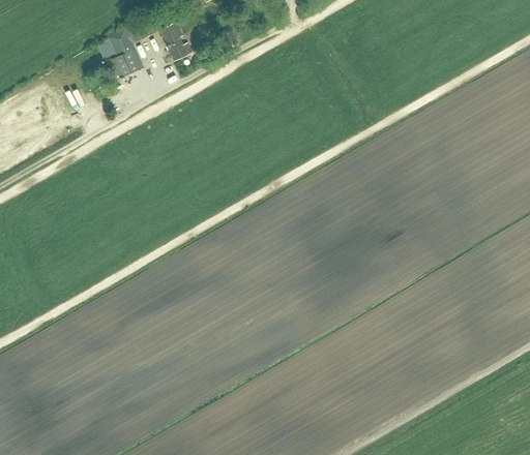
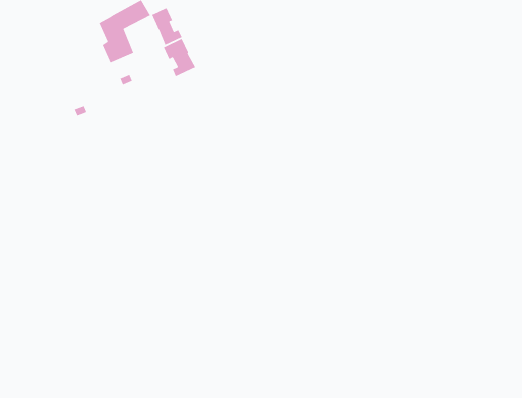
building: none -> [163,38,196,77]

